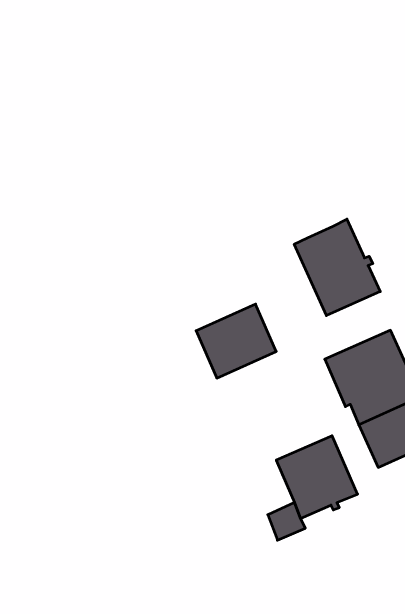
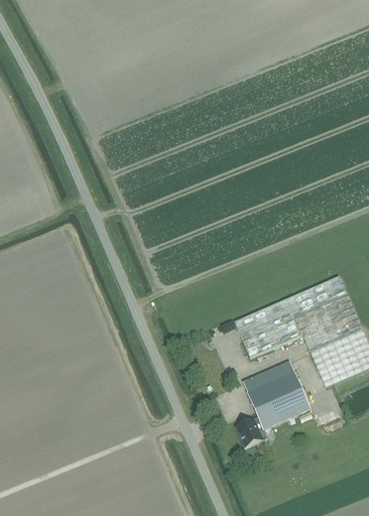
building: [294,219,380,316] -> none
building: [196,304,276,378] -> [234,298,300,360]

